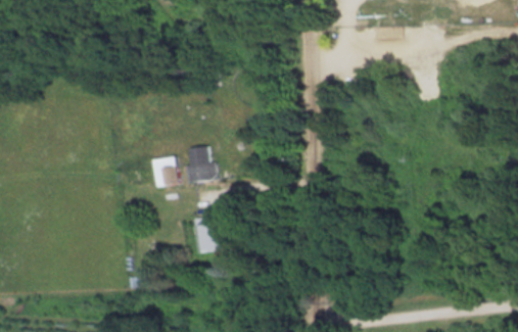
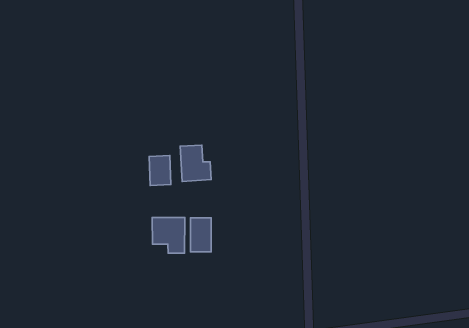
building: none -> [152,218,185,253]

